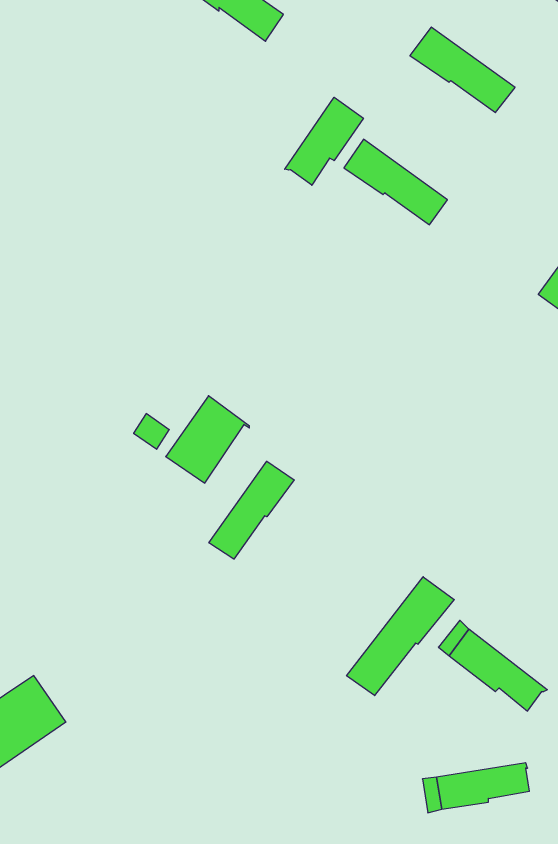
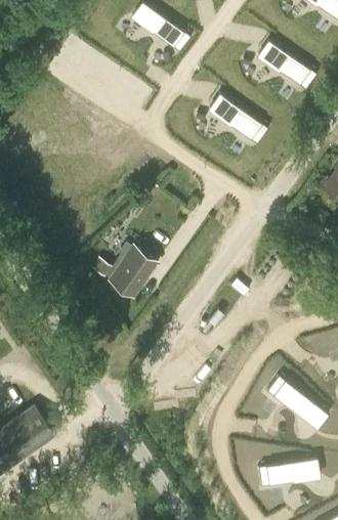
building: [285,97,363,185] -> none
building: [209,461,294,559] -> none
building: [347,577,454,696] -> none

